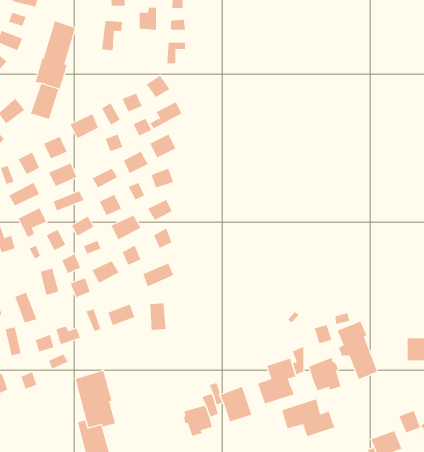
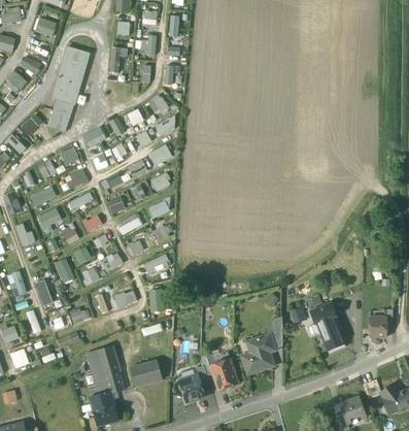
building: [308,357,341,391] -> none
building: none -> [129,362,162,389]
building: [282,399,335,438] -> none

